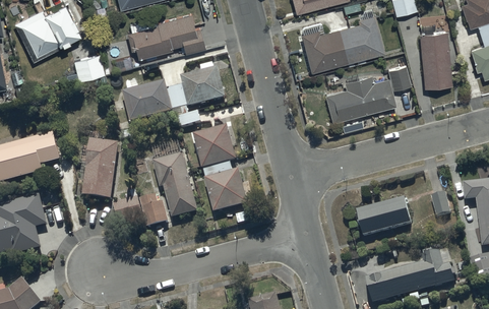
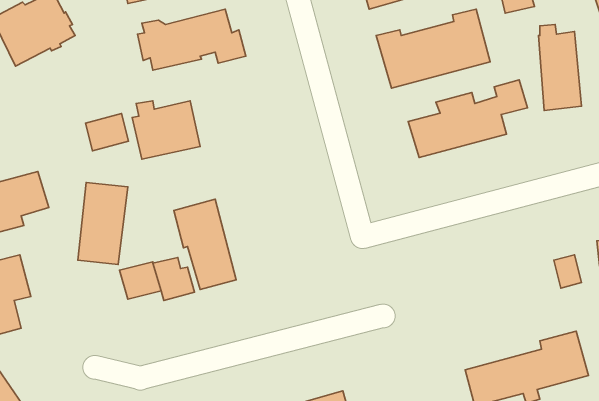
building: [73,55,105,82] -> [85,113,128,151]
building: [181,64,226,109] -> none
building: [193,126,252,214] -> none
building: [355,200,411,238] -> none

